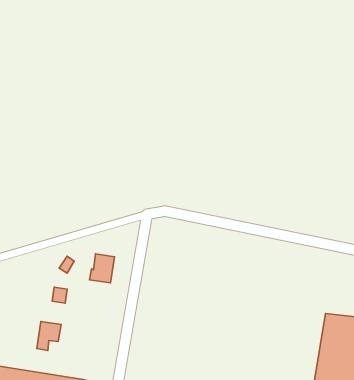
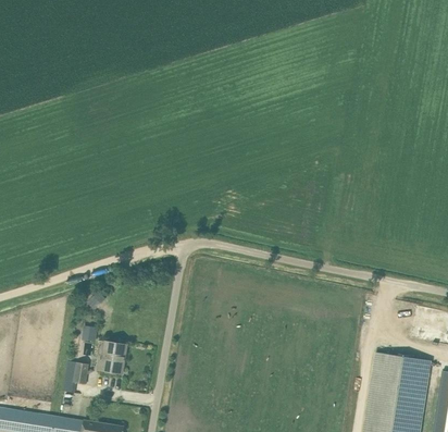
building: [90,254,115,283] -> [100,342,127,373]

